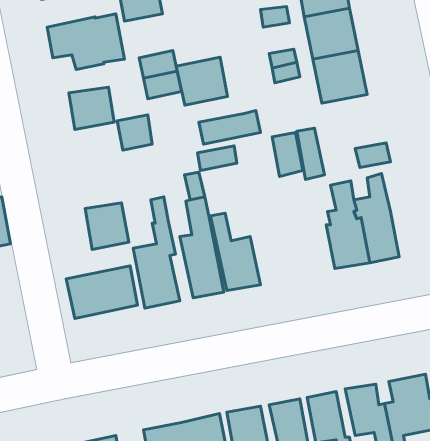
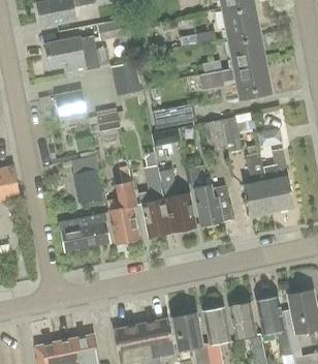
building: [176,57,228,105] -> none
building: none -> [189,164,232,225]

